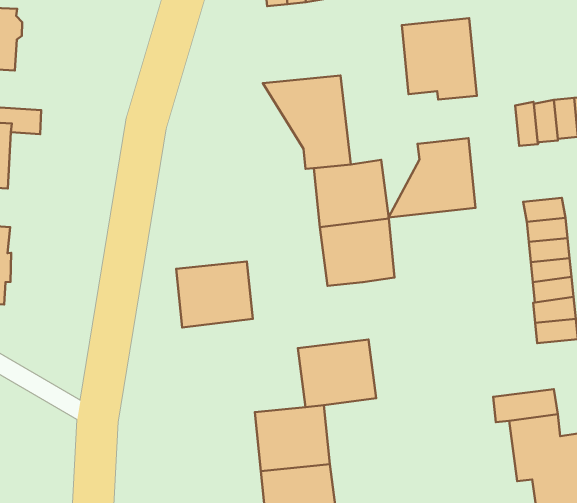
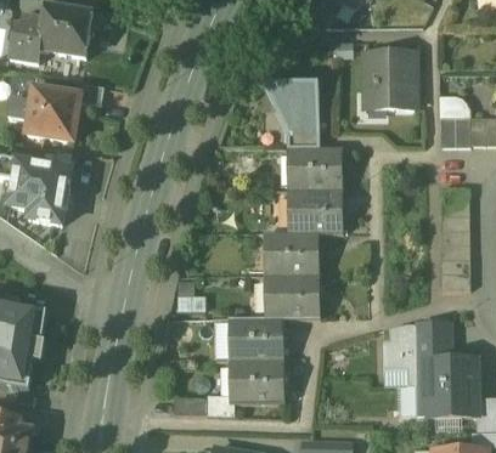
building: [389,138,476,218] -> none
building: [176,262,253,328] -> [267,232,319,274]

